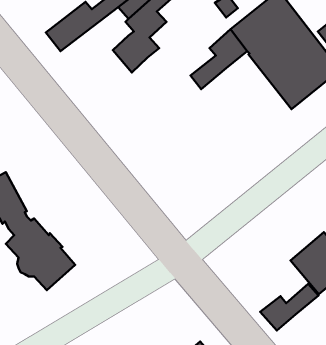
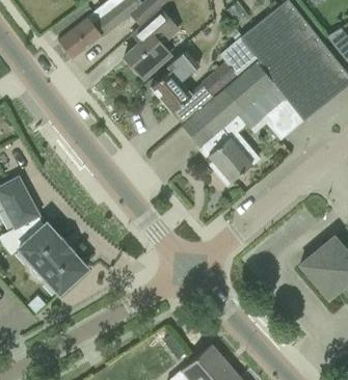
building: none -> [151,50,198,112]
building: none -> [182,61,304,186]
building: [260,284,319,331] -> none

